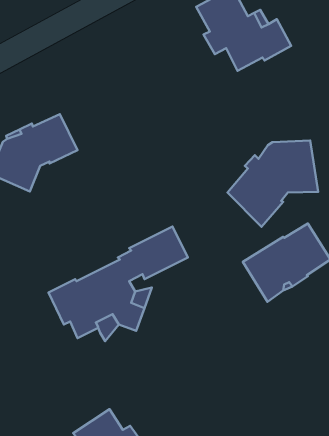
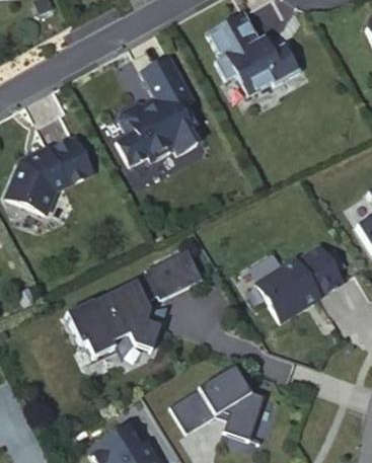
building: none -> [118,56,200,164]
building: [227,141,318,227] -> none
building: none -> [168,366,266,441]

